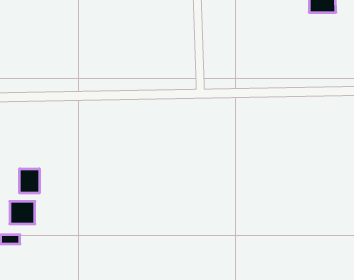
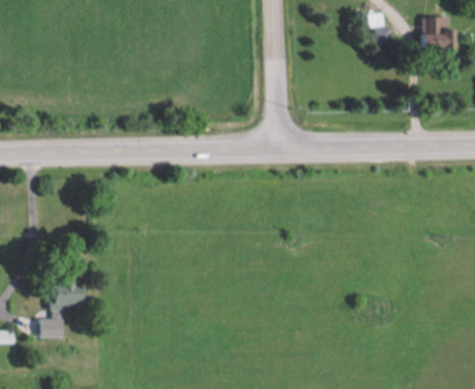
building: [20,169,39,193] -> none

